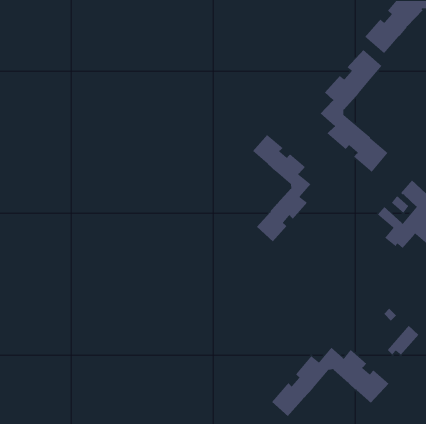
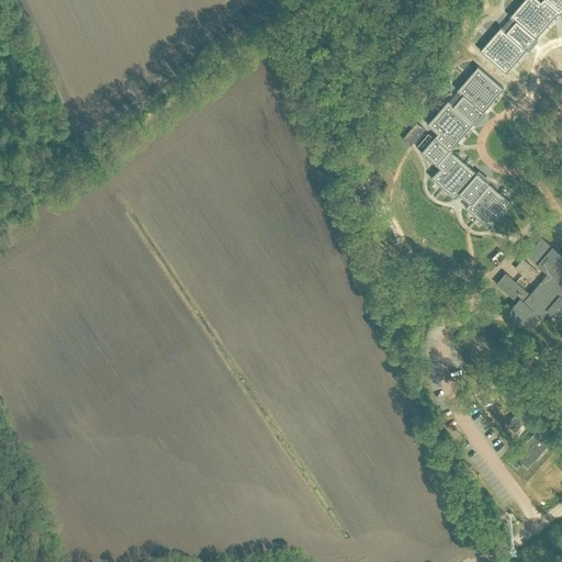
building: [252,134,311,242] -> none
building: [271,347,389,417] -> none

